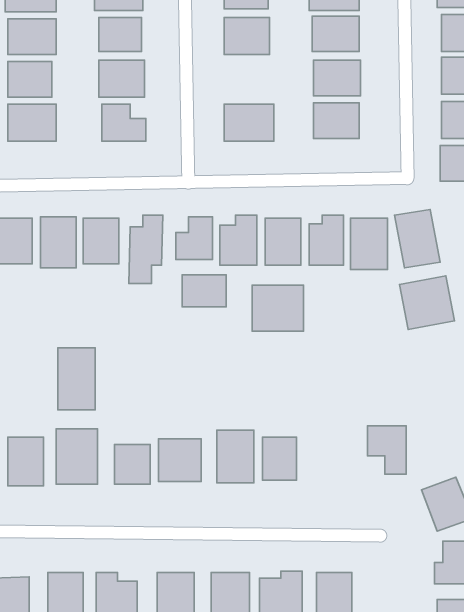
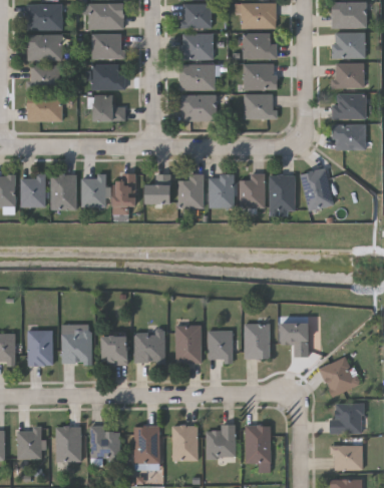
building: none -> [180,64,215,90]
building: [182,275,226,307] -> none
building: [400,276,454,330] -> none
building: [252,285,304,331] -> none
building: [58,348,95,410] -> none
building: none -> [244,323,270,358]

